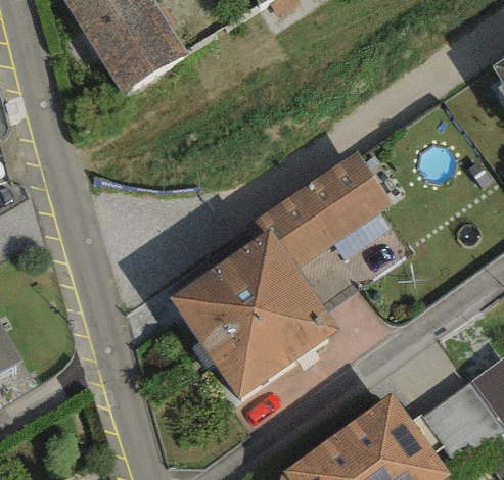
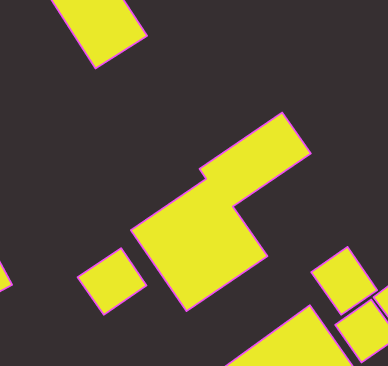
building: none -> [311,247,377,315]
building: none -> [78,248,146,315]

